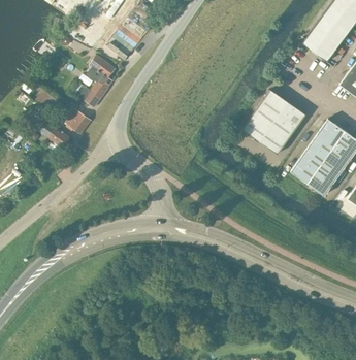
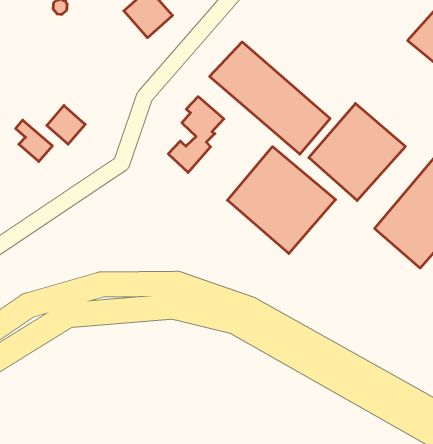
building: none -> [210,42,330,154]
building: [80,56,116,107] -> [168,97,224,173]
building: none -> [227,147,336,254]

